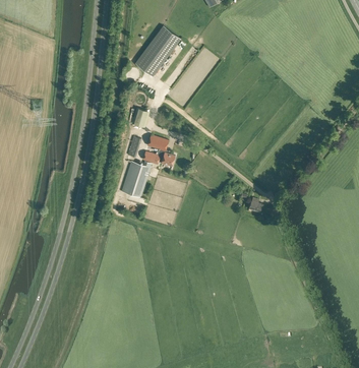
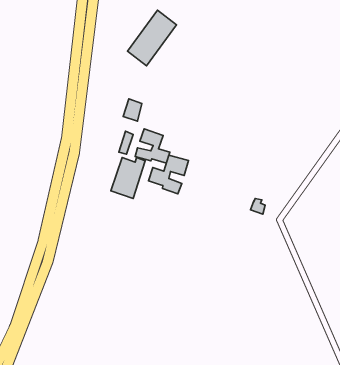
building: none -> [148,155,188,194]

